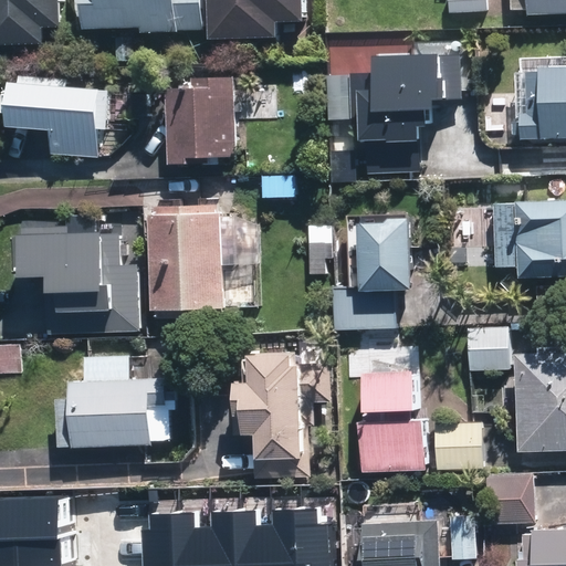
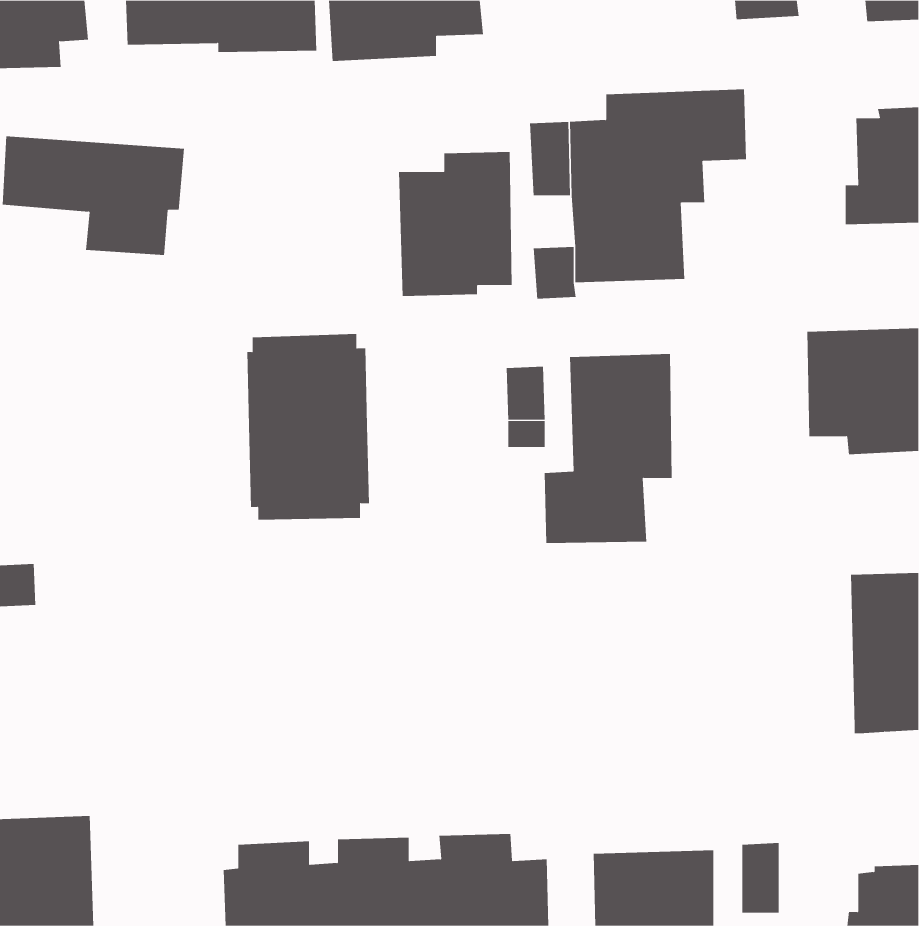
building: [167,75,237,164] -> [398,151,512,296]
building: [8,214,136,337] -> none
building: [469,325,511,369] -> none
building: [238,354,331,475] -> none
building: [363,371,427,470] -> none
building: [59,378,167,447] -> none
building: [436,420,484,463] -> none
building: [489,472,536,521] -> none

